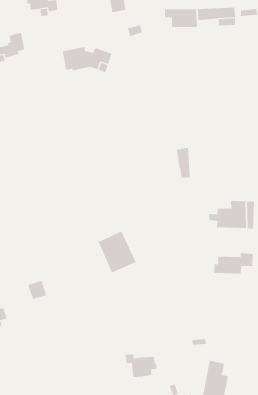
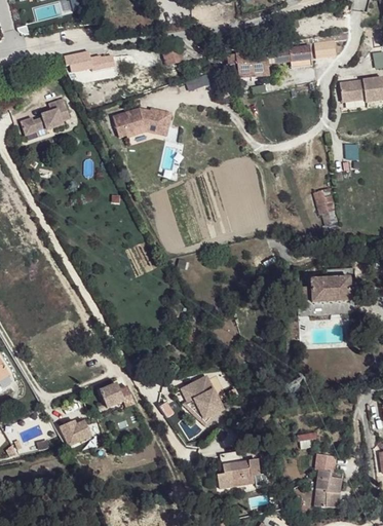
building: [176,147,190,178] -> [316,188,336,225]
building: [98,231,137,273] -> [179,375,226,425]
building: [214,252,253,275] -> none

